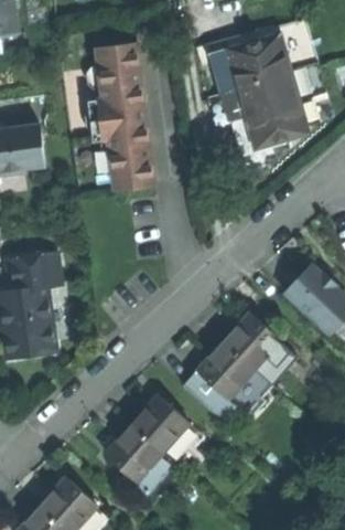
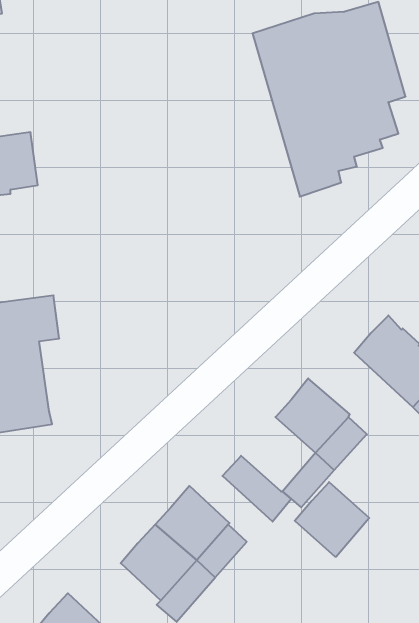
building: [89,43,155,191] -> none
building: [197,341,255,399] -> [295,482,369,557]

